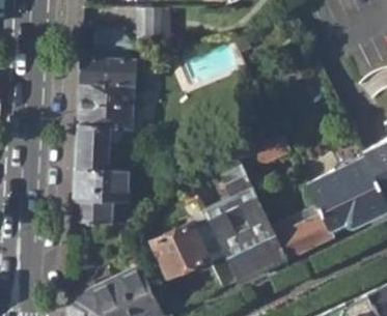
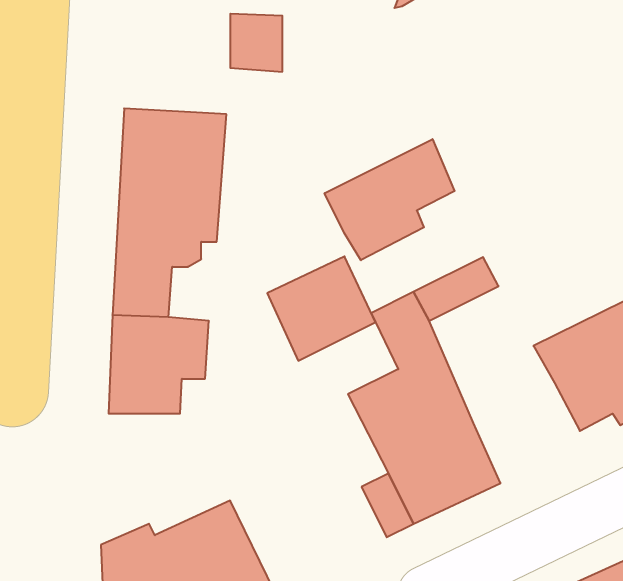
building: none -> [325,139,455,260]
building: [270,206,330,260] -> none
building: [149,223,208,279] -> [267,256,375,361]

